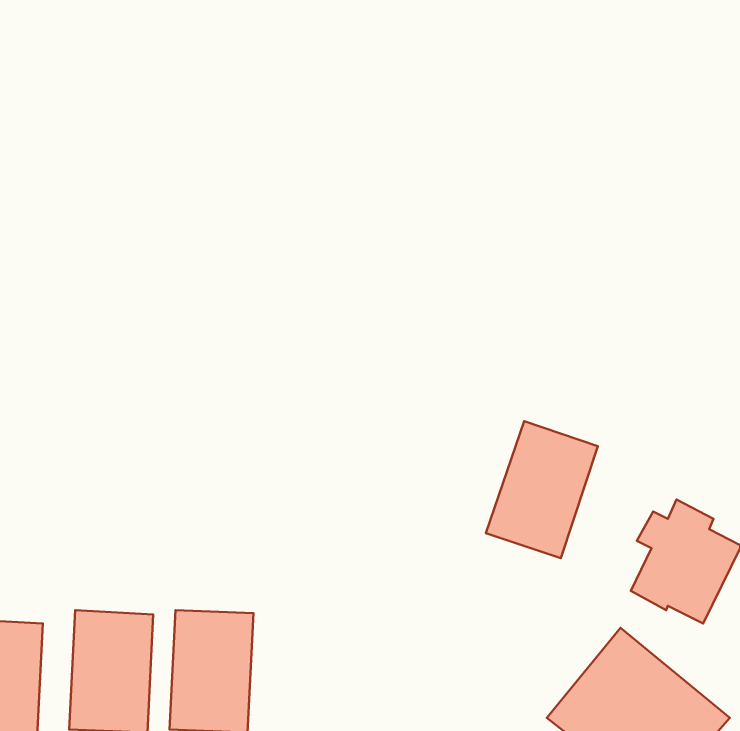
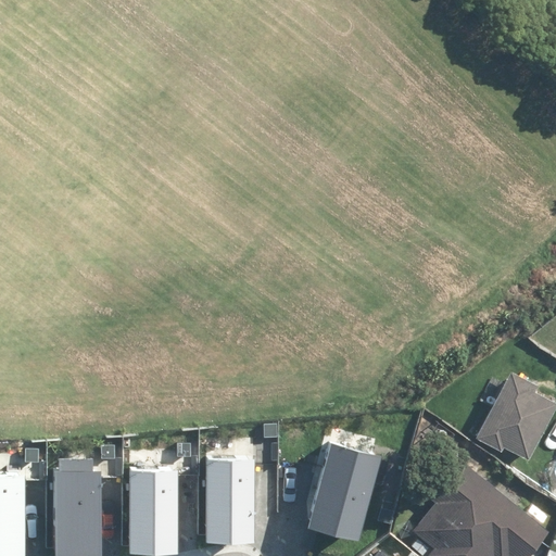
building: [486,421,598,558] -> [303,441,386,542]
building: none -> [204,456,266,546]

